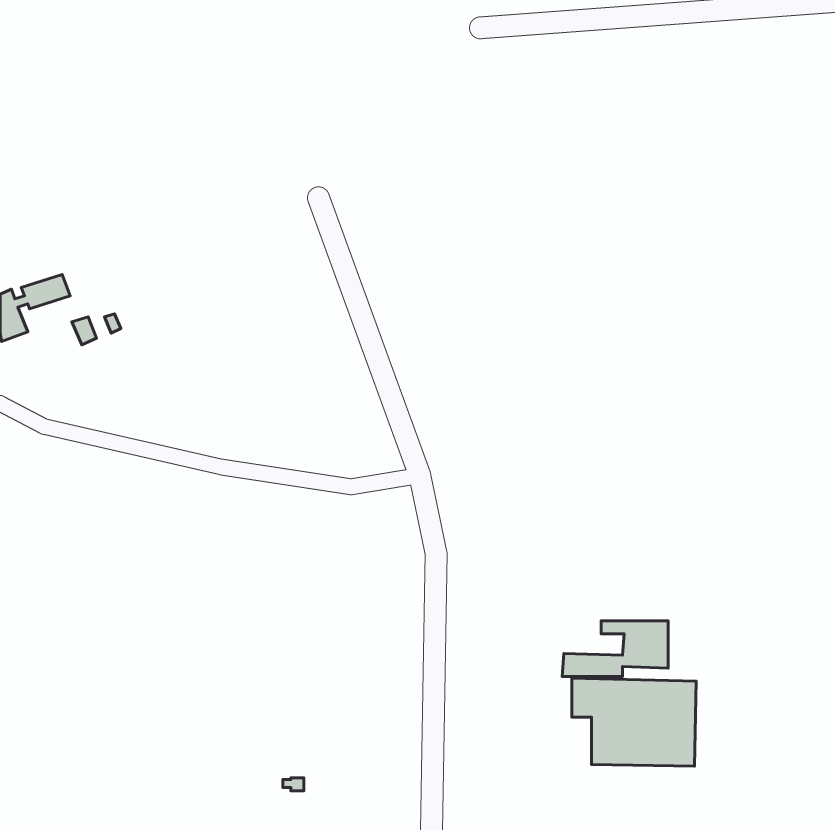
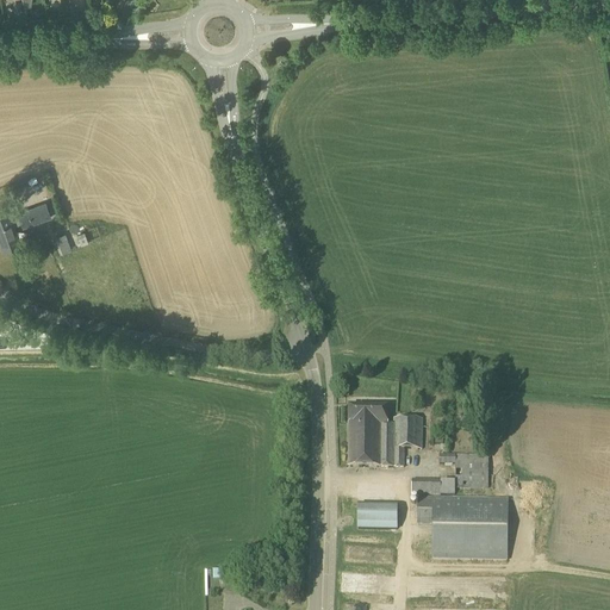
building: none -> [348,404,422,466]
building: none -> [356,502,397,528]

